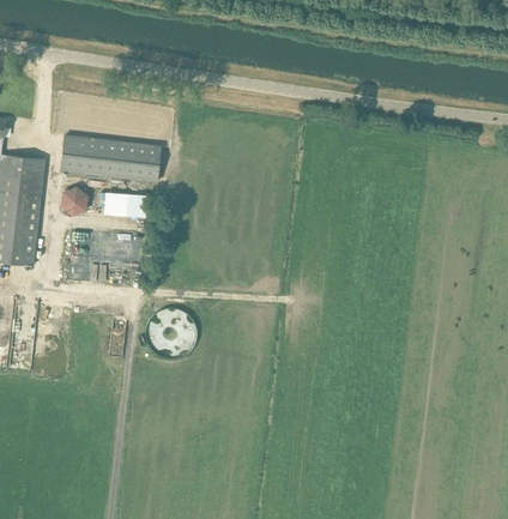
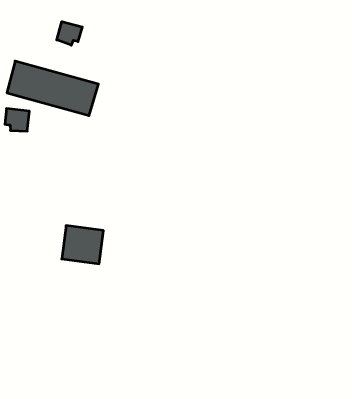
building: none -> [57,22,82,45]
building: [105,192,149,215] -> none

